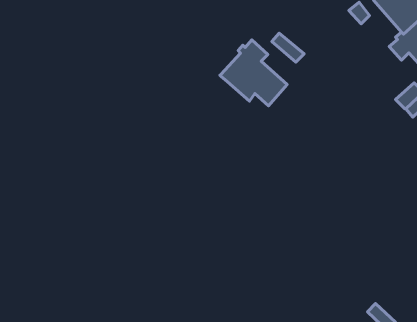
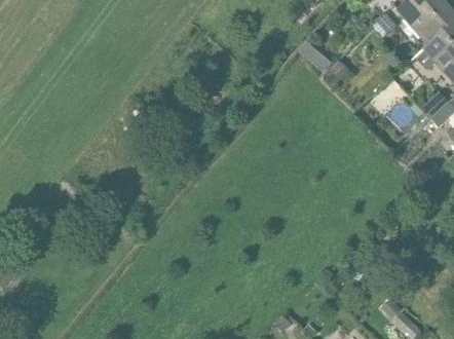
building: [220,40,287,106] -> none

